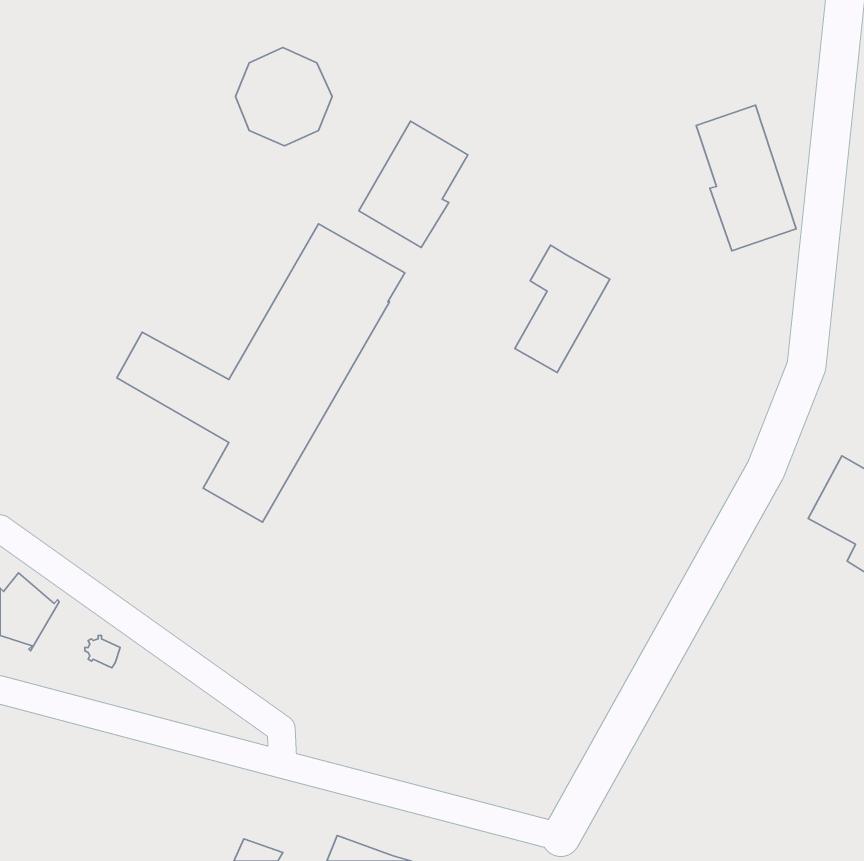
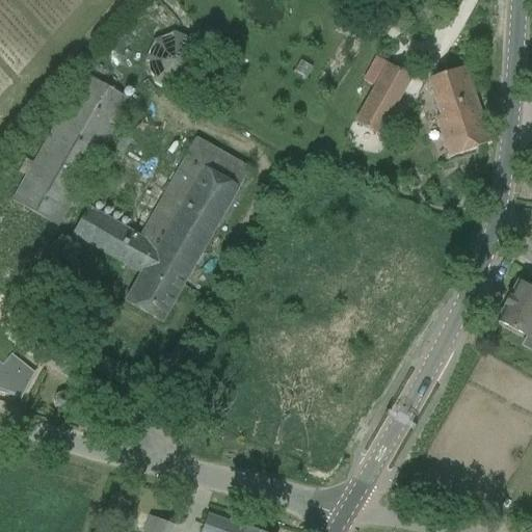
building: none -> [12,73,130,224]
building: [359,121,468,247] -> none
building: [515,245,610,372] -> [354,55,413,133]

